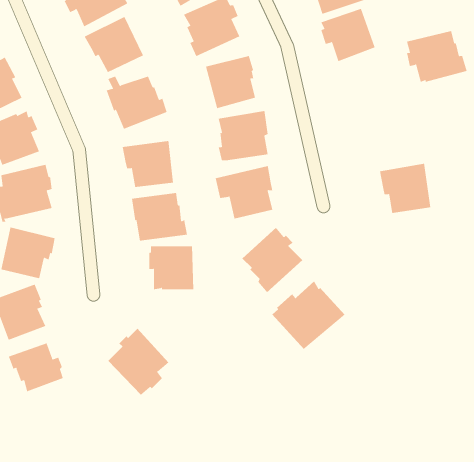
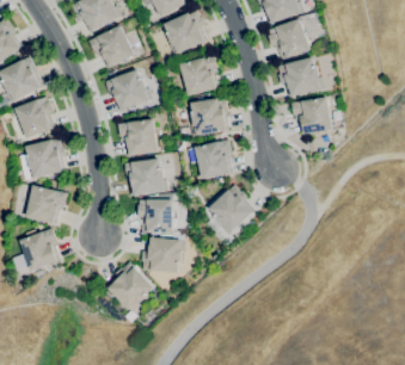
building: [406,30,468,82] -> [278,57,325,97]
building: [379,163,431,214] -> [293,97,332,135]
building: [272,281,345,350] -> none
building: none -> [142,237,185,272]
building: [8,342,64,392] -> none

